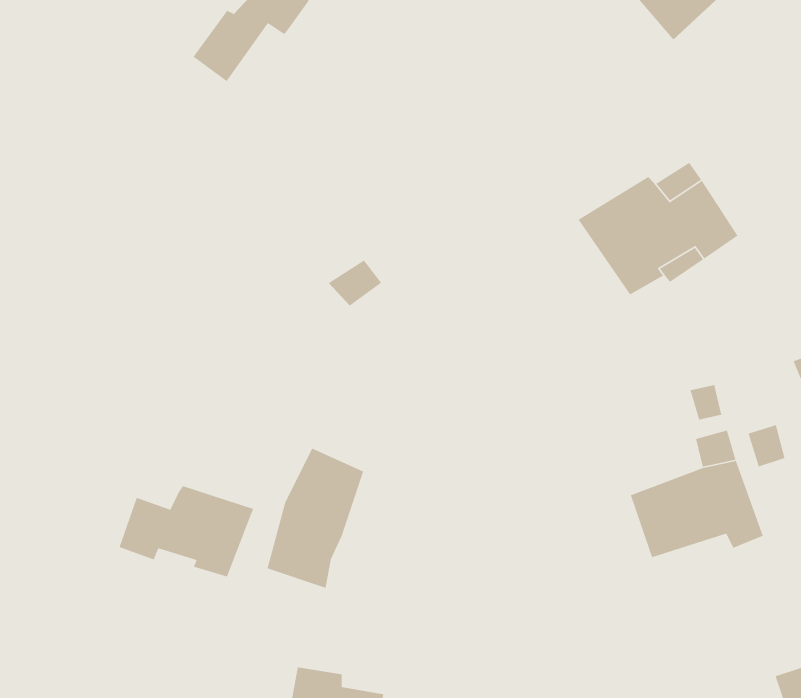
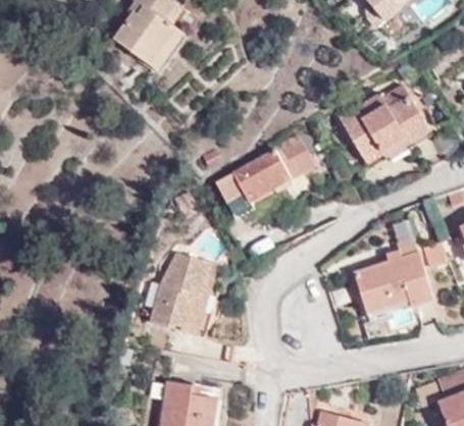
building: none -> [132,14,178,62]
building: none -> [214,136,315,218]
building: [119,485,254,578] -> none

